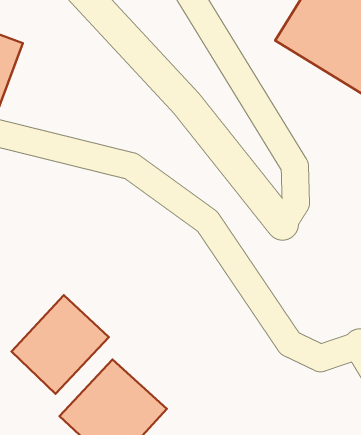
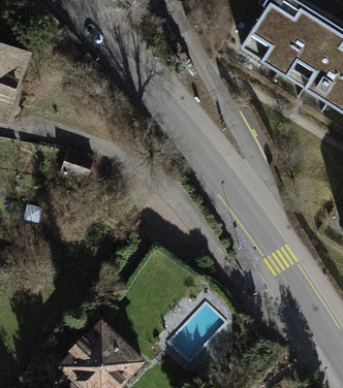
building: [11,295,109,394] -> none

